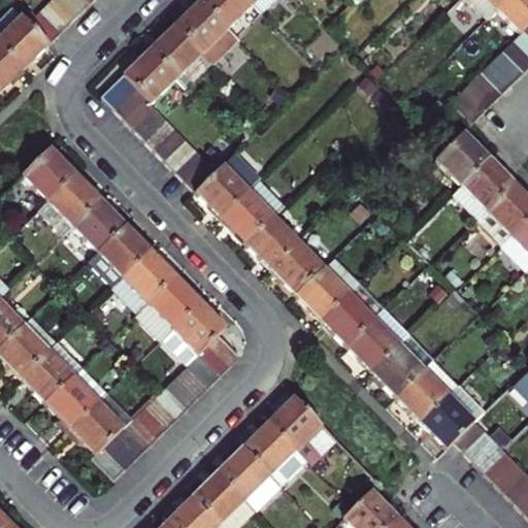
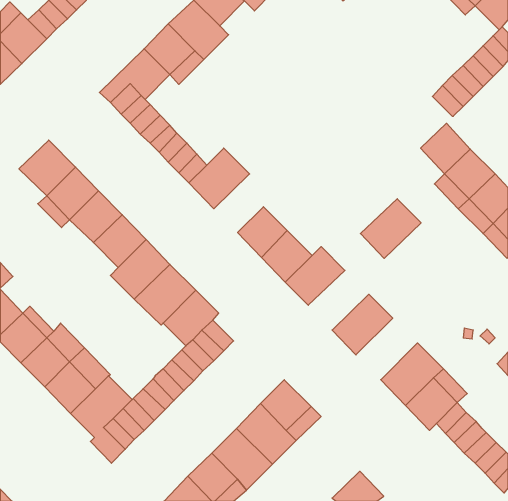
building: [222,180,283,241] -> none
building: [320,280,383,342] -> [360,199,421,258]
building: [369,330,433,394] -> none

